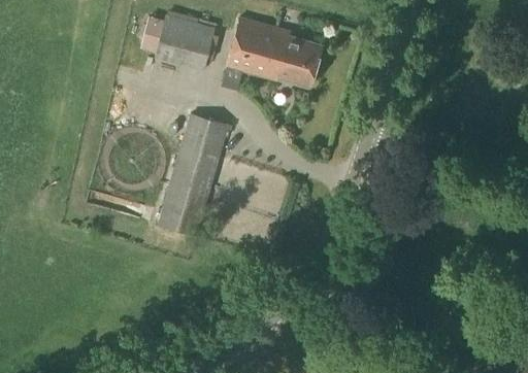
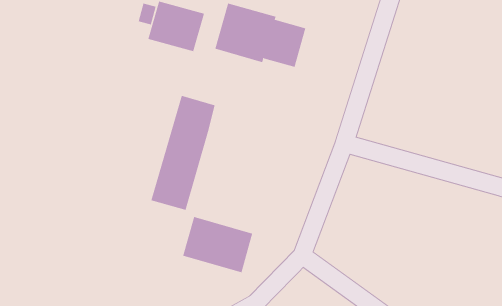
building: none -> [183,216,253,273]

